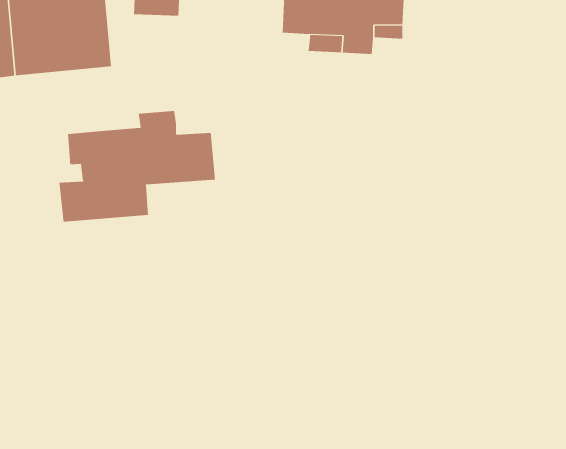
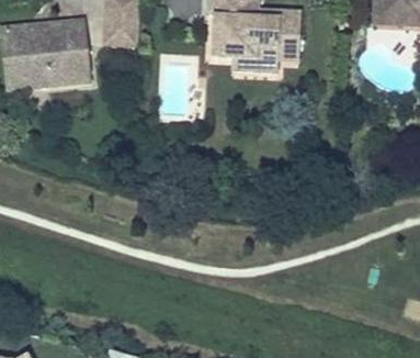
building: [59,110,215,222] -> none

